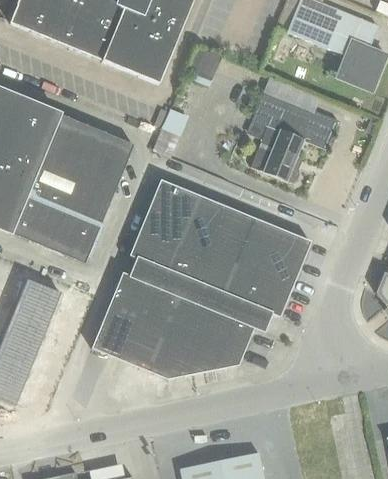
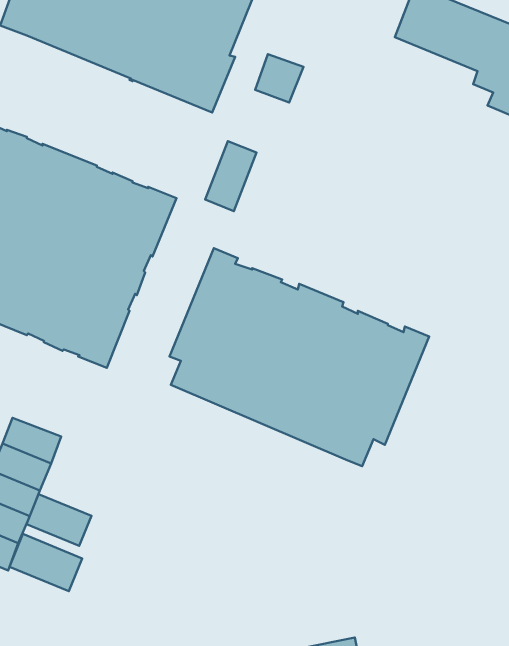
building: [251,89,338,182] -> none
building: [92,272,254,379] -> none
building: [19,278,61,311] -> none
building: none -> [26,494,91,546]
building: none -> [10,534,82,591]

